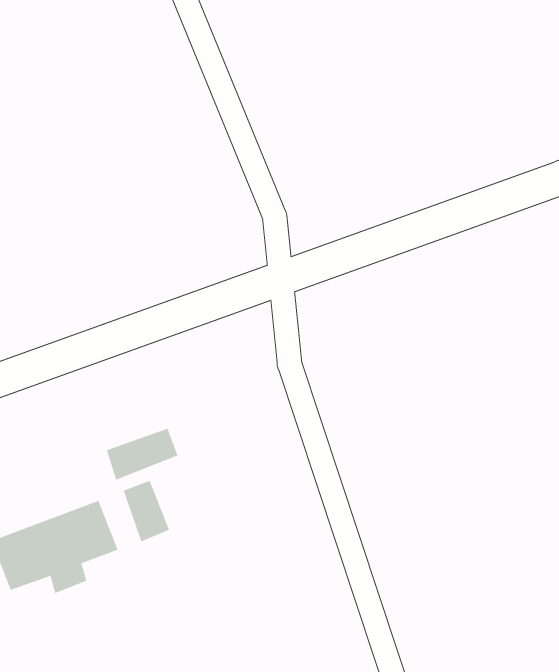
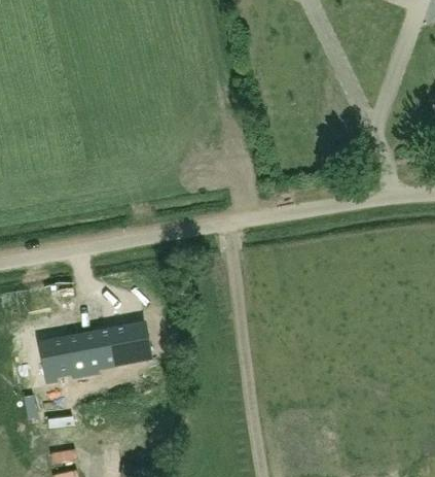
building: [106,428,178,480] -> none

